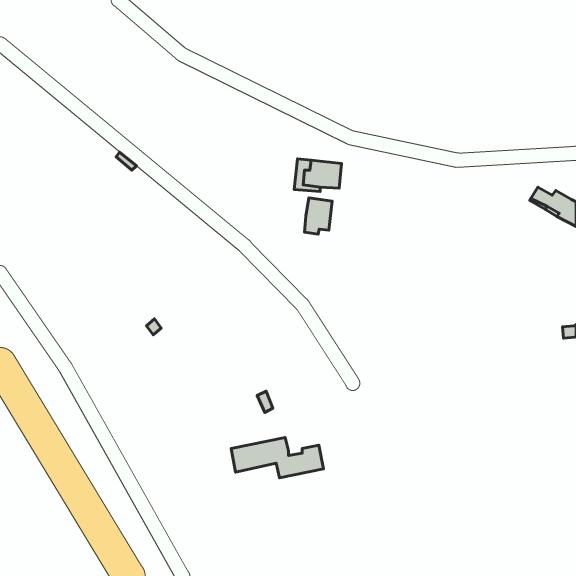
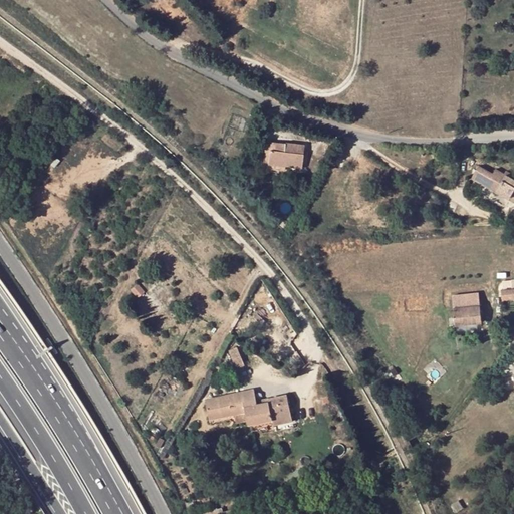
building: [304,198,332,234] -> none
building: none -> [452,294,482,325]

